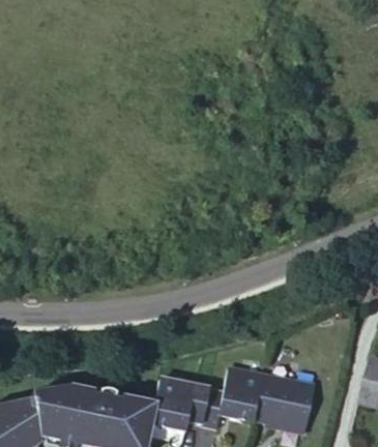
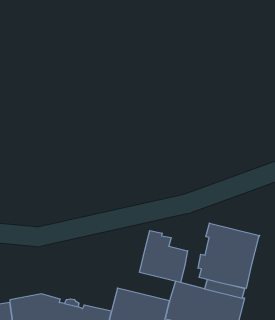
building: none -> [198,223,260,288]
building: none -> [140,231,188,282]

